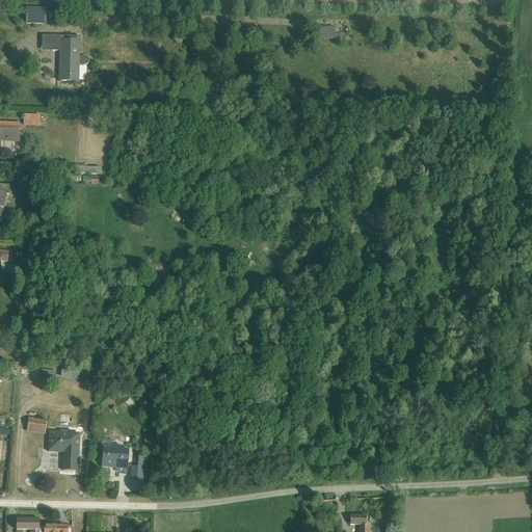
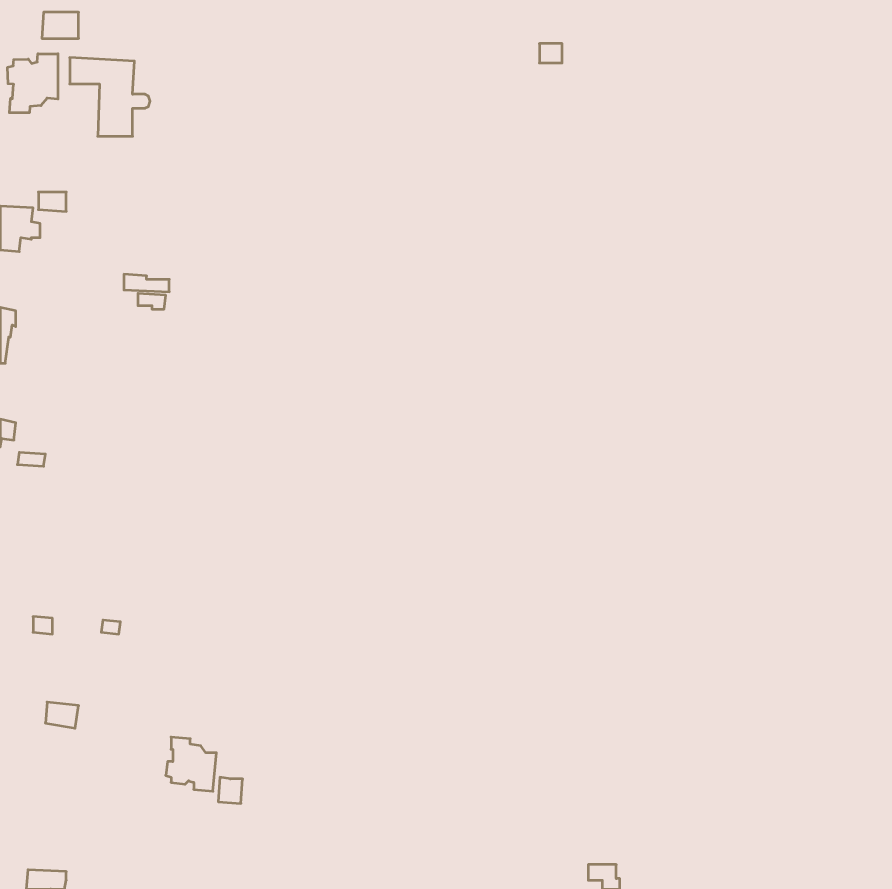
building: none -> [8,54,58,113]
building: [48,427,79,470] -> none

